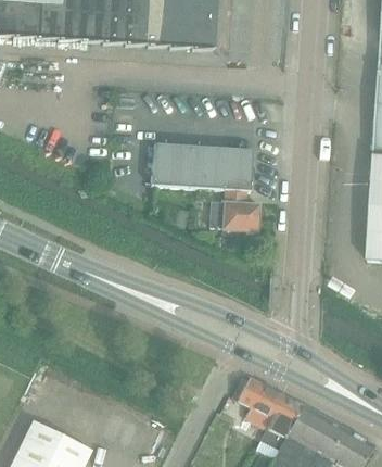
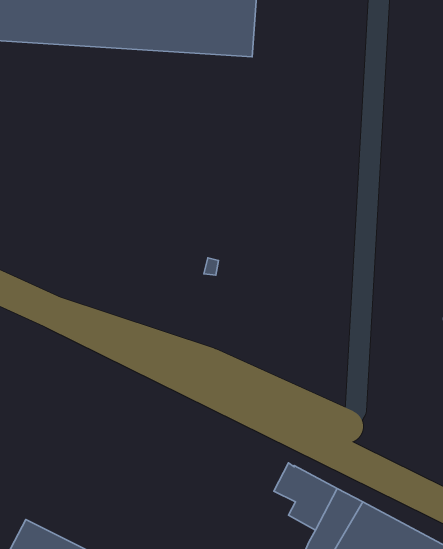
building: [152,143,259,231] -> none

